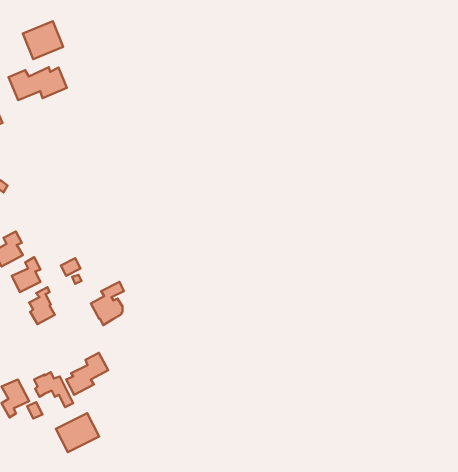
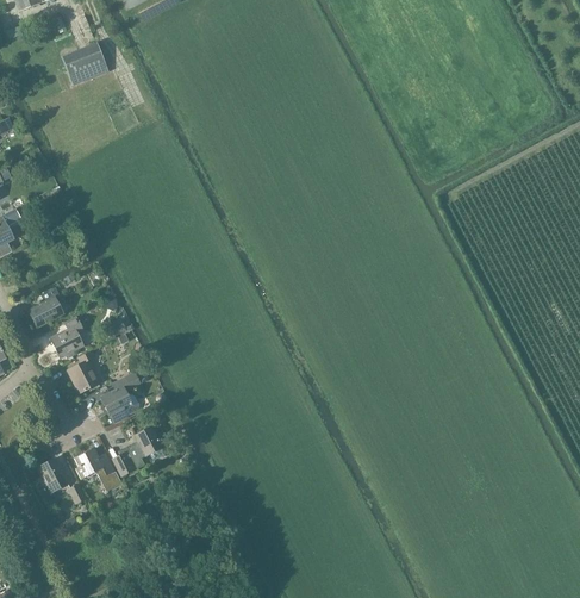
building: [9,67,67,100] -> none
building: [91,282,124,325] -> [100,372,138,422]
building: [56,413,99,452] -> none

